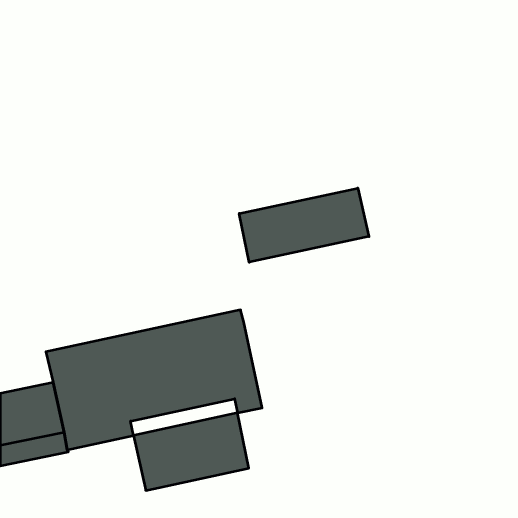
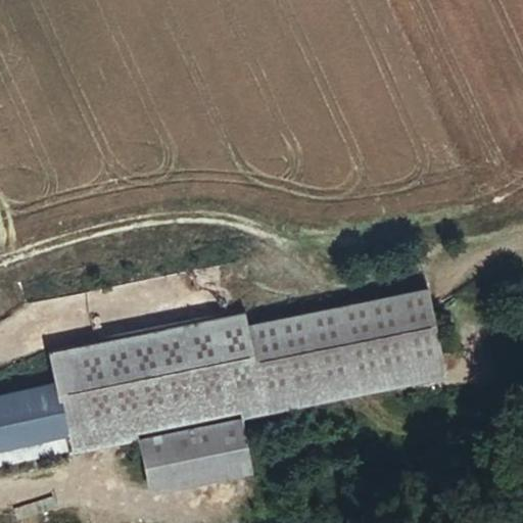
building: [239,188,369,262] -> none
building: none -> [247,287,446,412]

